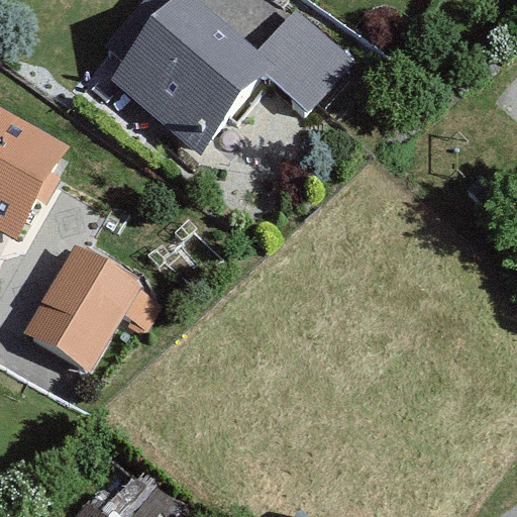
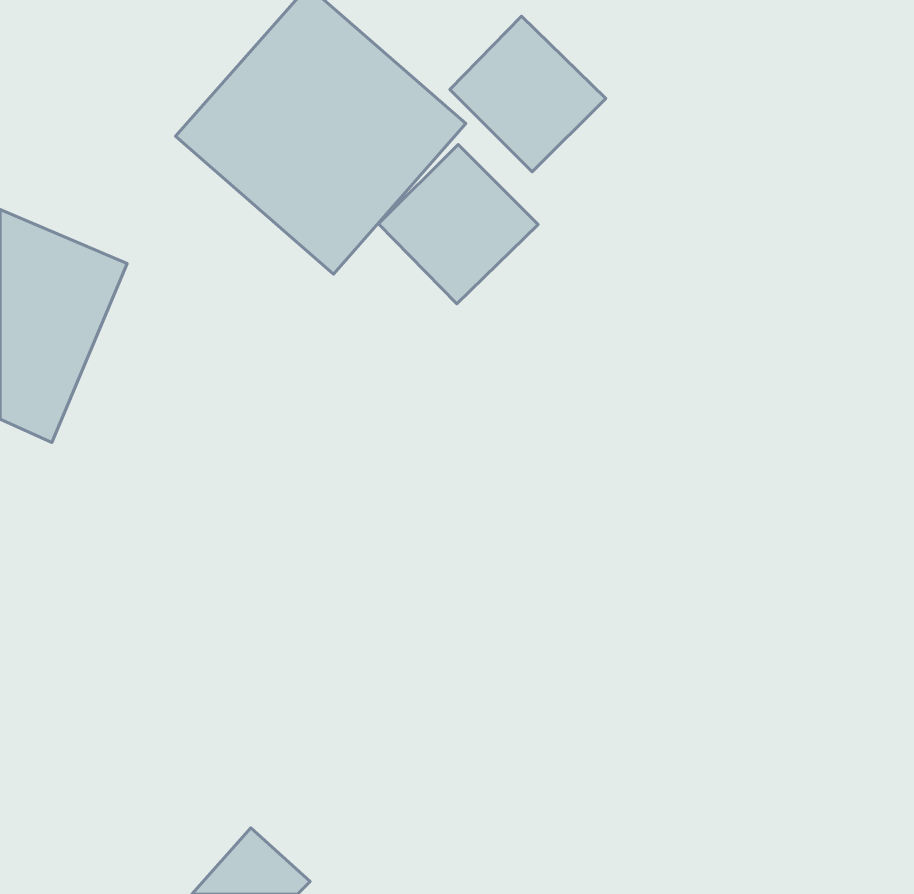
building: none -> [379,144,538,304]
building: [29,235,141,360] -> none

